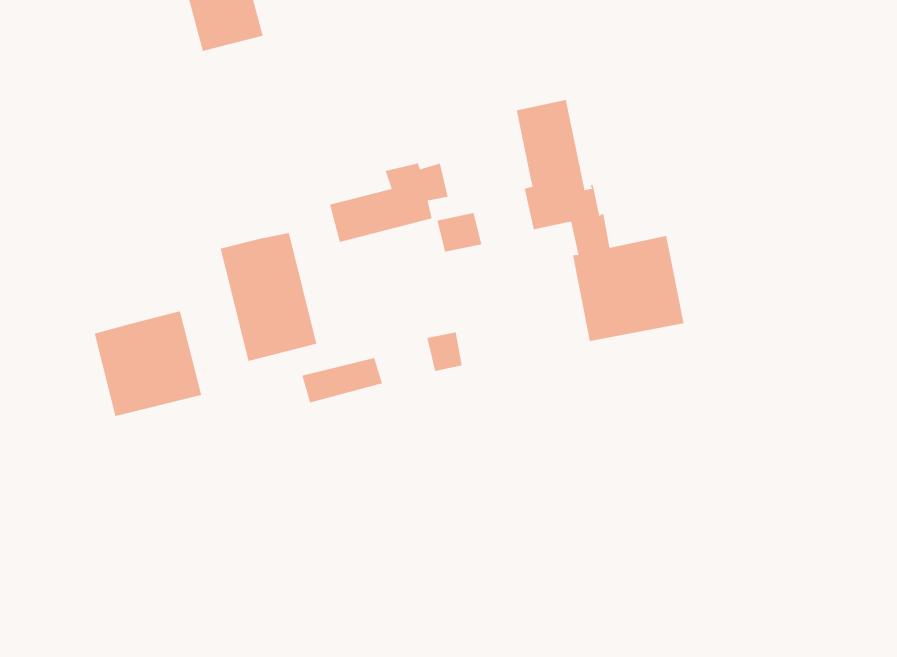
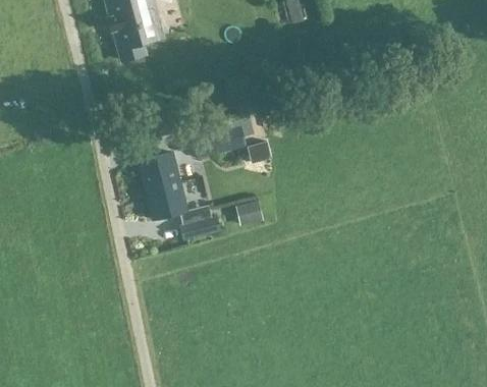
building: [516,99,684,342] -> none
building: [94,311,202,417] -> none

